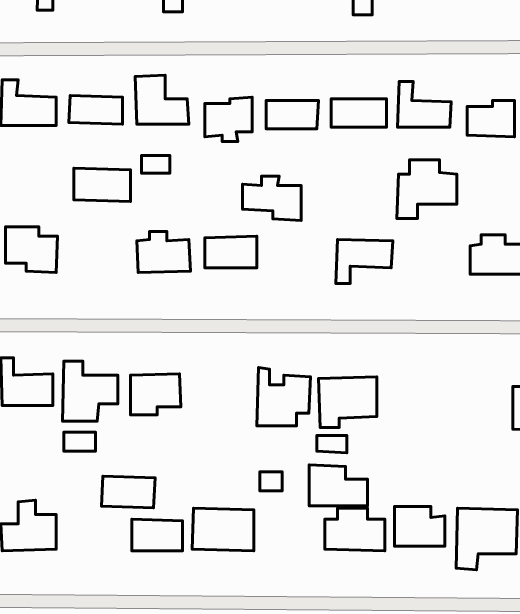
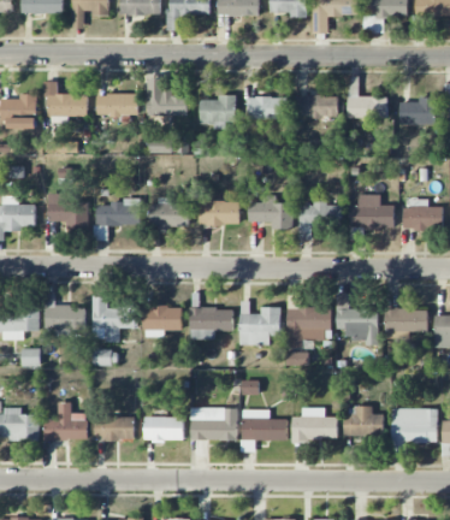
building: [397,160,457,218] -> [348,195,393,240]
building: [74,168,131,201] -> [96,201,140,226]
building: [243,176,301,220] -> [248,196,292,230]
building: none -> [189,308,232,341]
building: none -> [384,309,427,332]
building: none -> [336,311,378,345]
building: [309,465,368,506] -> [242,409,286,441]
building: [101,476,155,508] -> [94,416,135,441]

